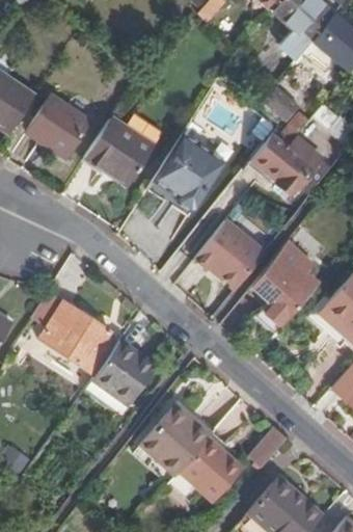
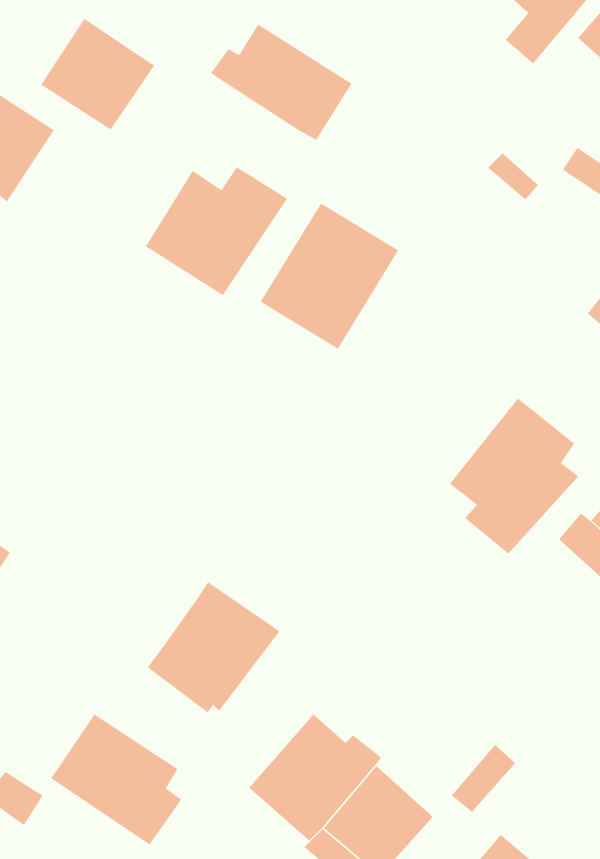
building: none -> [210,23,353,141]
building: [28,96,90,157] -> [40,18,155,131]
building: [253,136,315,191] -> none
building: [192,215,267,290] -> none
building: [42,302,113,374] -> [50,713,182,845]

